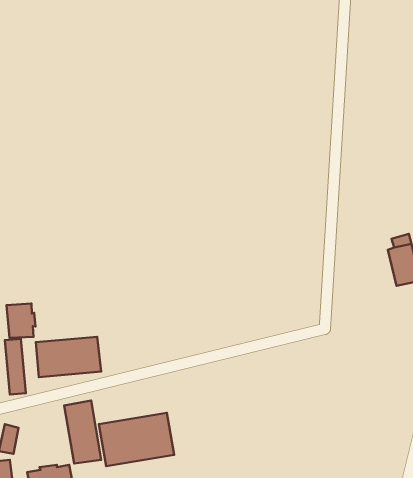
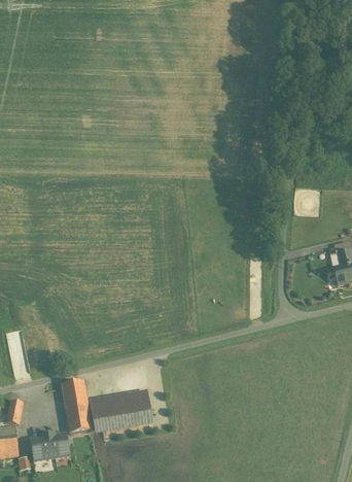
building: [6,304,35,338] -> none
building: [36,337,101,377] -> none

